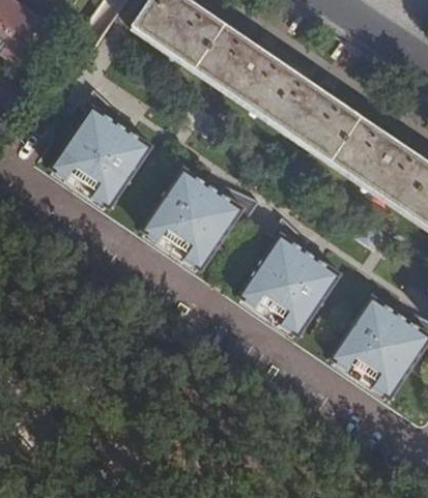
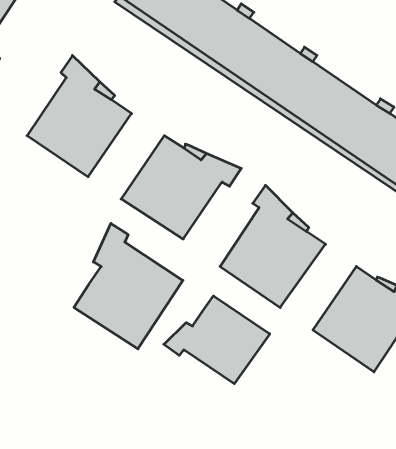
building: none -> [74,223,183,349]
building: none -> [164,296,270,384]

